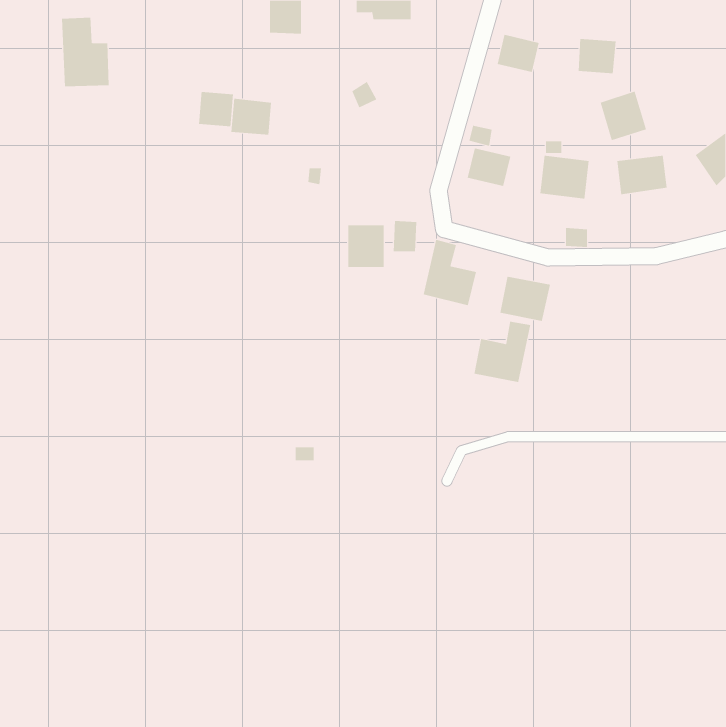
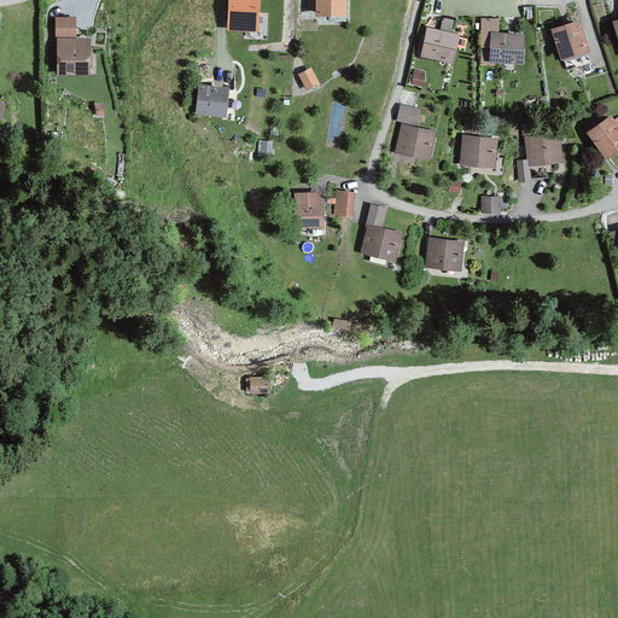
building: [600,91,647,141] -> [552,21,591,63]
building: [199,91,234,127] -> none
building: [474,321,531,383] -> none

